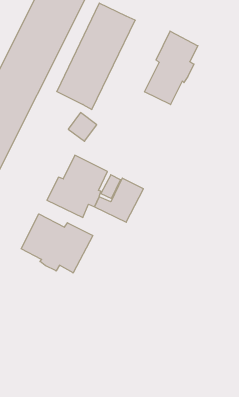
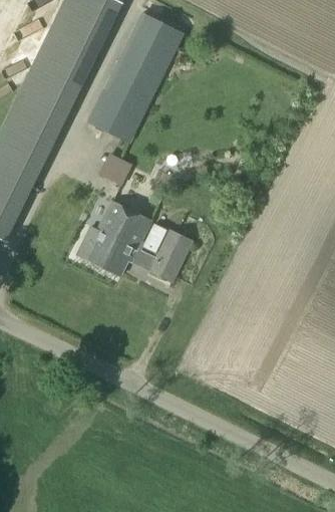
building: [145,31,198,105] -> none
building: [21,214,93,273] -> none

